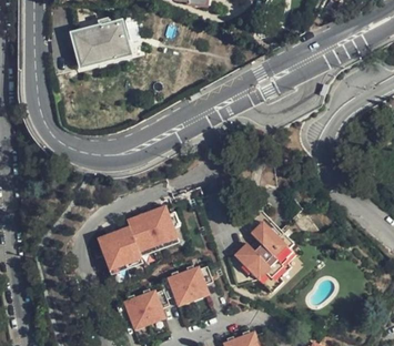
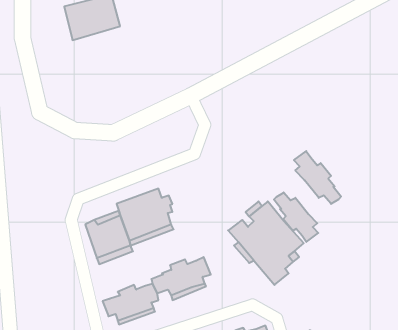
building: none -> [294,151,341,204]
building: none -> [274,192,318,242]

